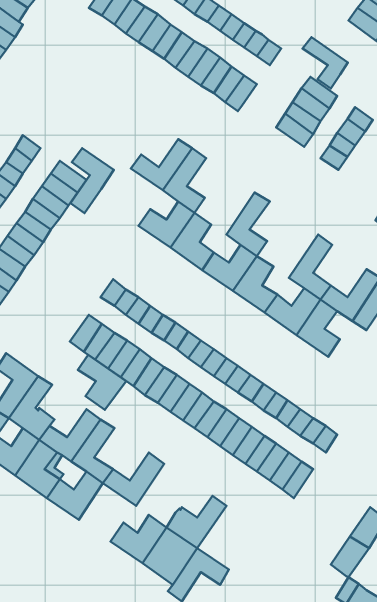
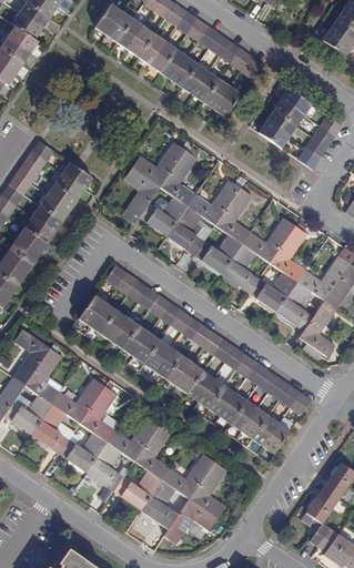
building: [302,37,348,88] -> none
building: [71,148,114,213] -> [122,168,160,224]
building: none -> [188,180,240,225]
building: none -> [242,217,295,263]
building: none -> [299,301,337,357]
building: [78,355,126,410] -> none
building: none -> [136,425,172,480]
building: none -> [87,442,125,493]
building: none -> [190,462,227,517]

